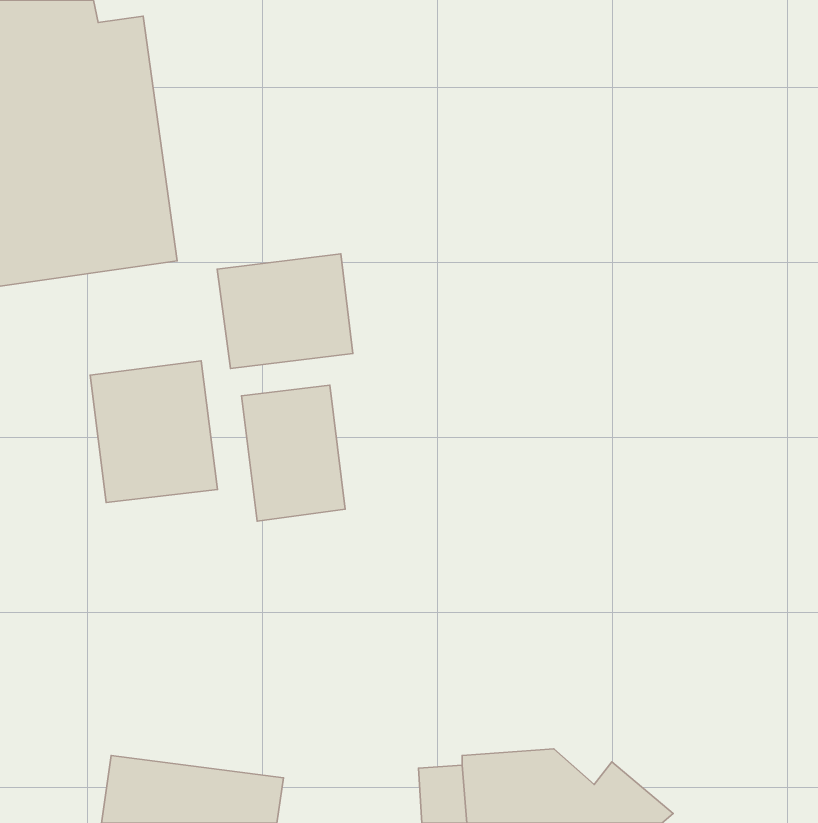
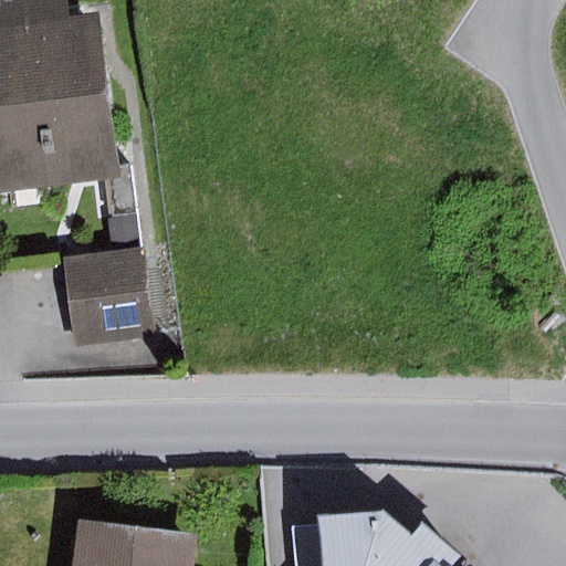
building: [217,254,353,369] -> none
building: [242,385,345,521] -> none

